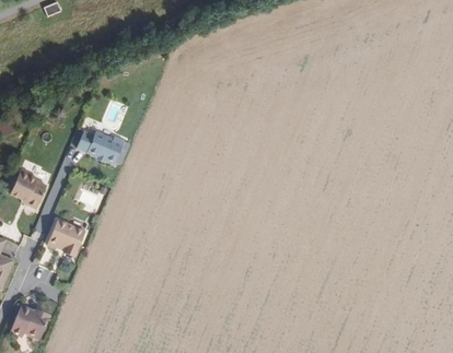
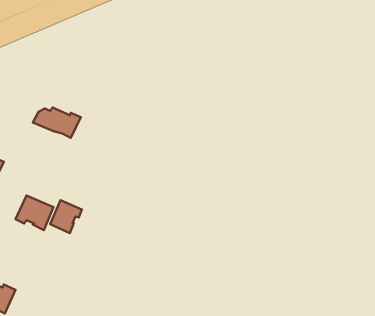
building: none -> [50,200,82,233]

